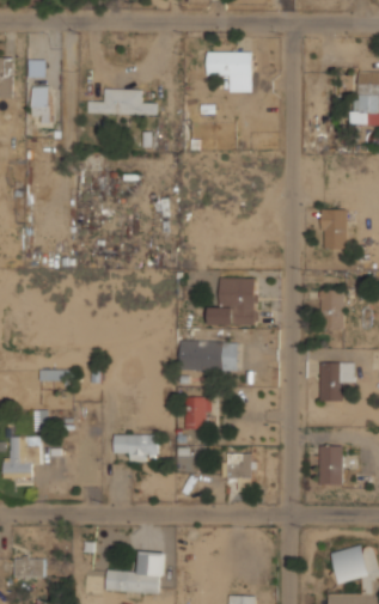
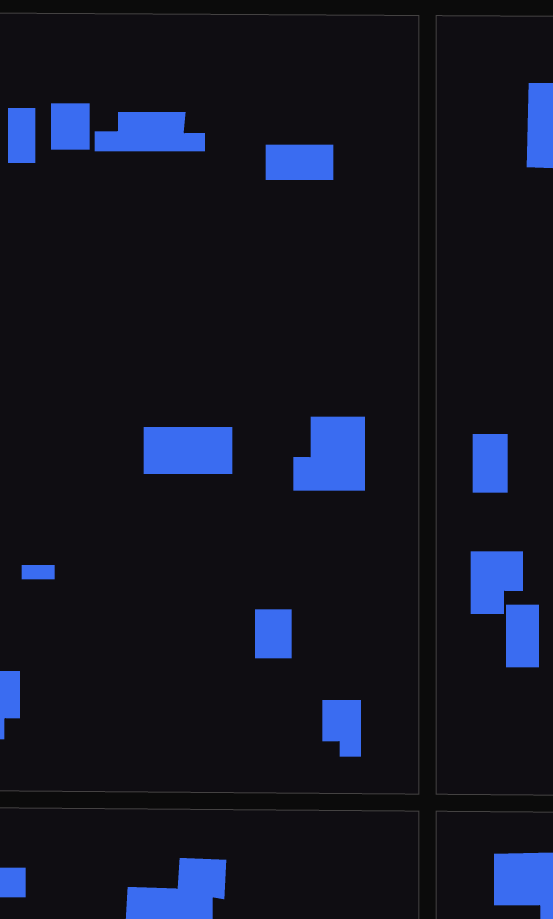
building: [207,53,250,75] -> [265,144,334,181]
building: none -> [50,102,90,151]
building: [320,209,346,250] -> none
building: [179,341,236,371] -> [143,426,233,475]
building: [114,426,157,462] -> none
building: [319,446,341,486] -> [505,604,540,668]

